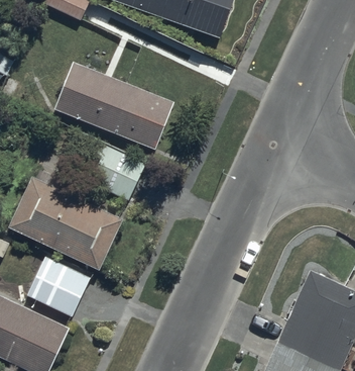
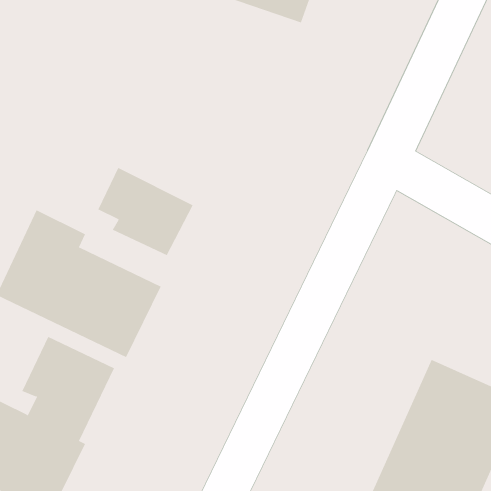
building: [54,59,174,152] -> none

